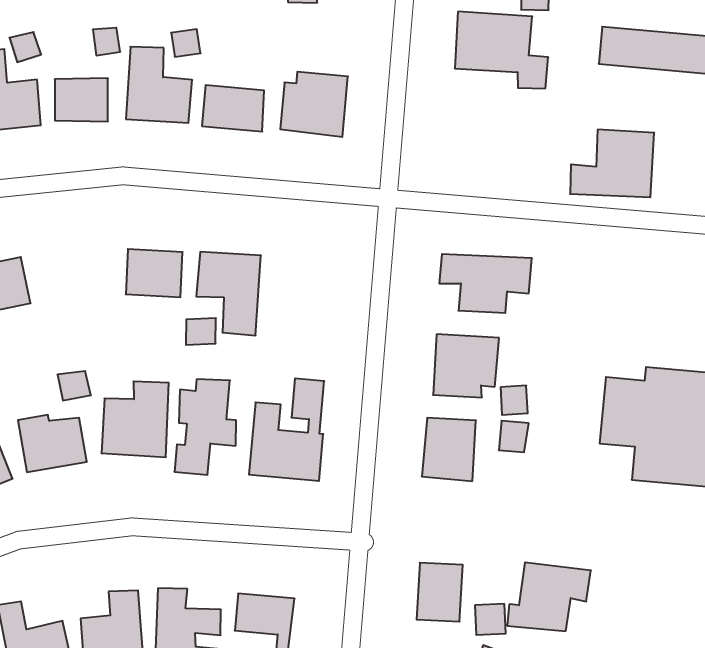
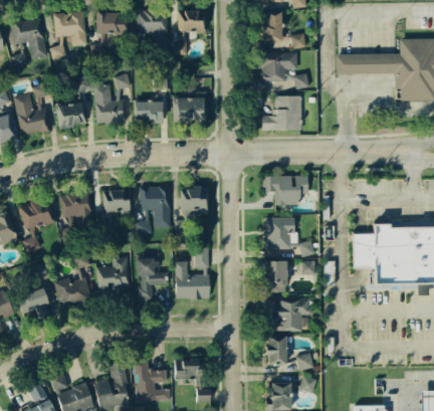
building: [570,130,654,197] -> [260,95,302,131]
building: none -> [56,187,95,224]
building: none -> [180,187,208,210]
building: [507,562,591,631] -> [270,297,310,331]

